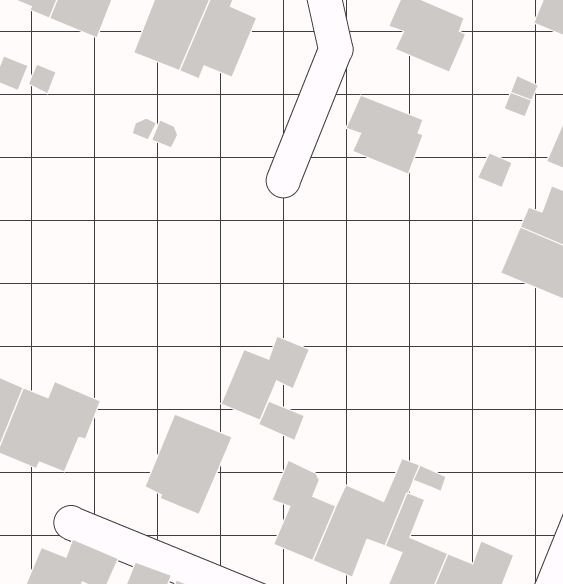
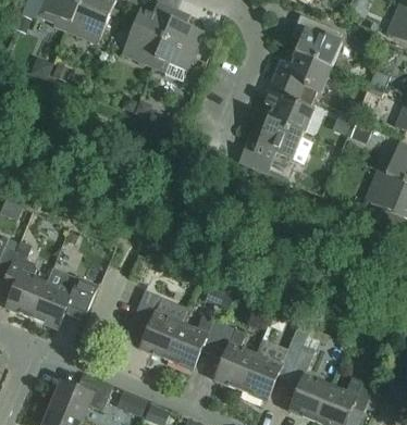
building: none -> [272,51,331,98]
building: none -> [237,118,304,175]
building: [221,336,310,420] -> [165,314,224,370]

